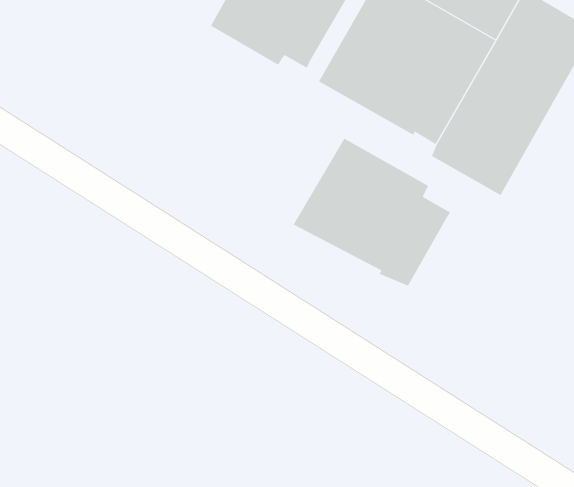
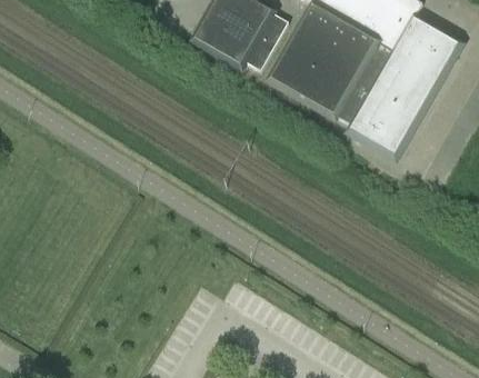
building: [293,138,451,287] -> none

